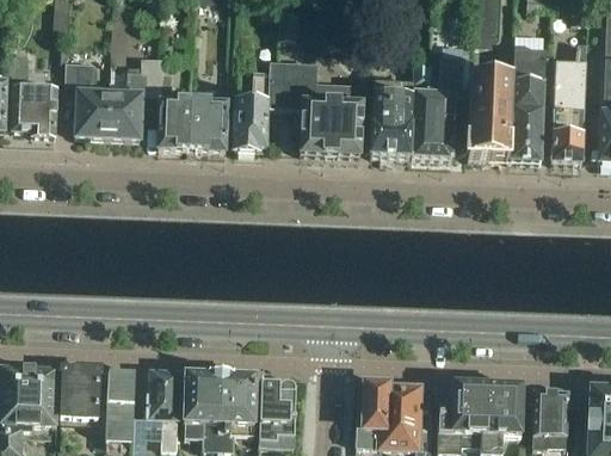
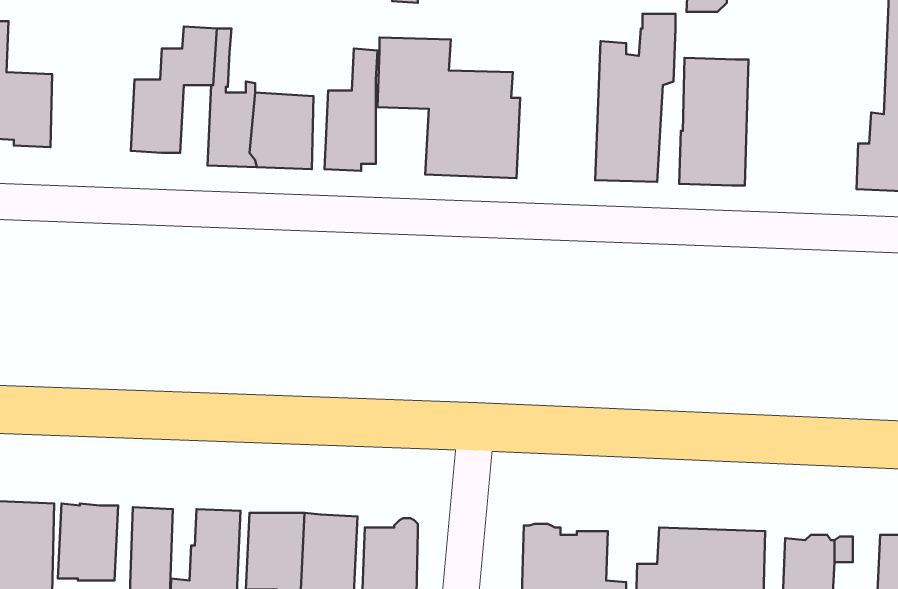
building: [551,44,586,161] -> none
building: [510,50,544,160] -> none
building: [64,60,110,136] -> none
building: [370,80,412,155] -> none

